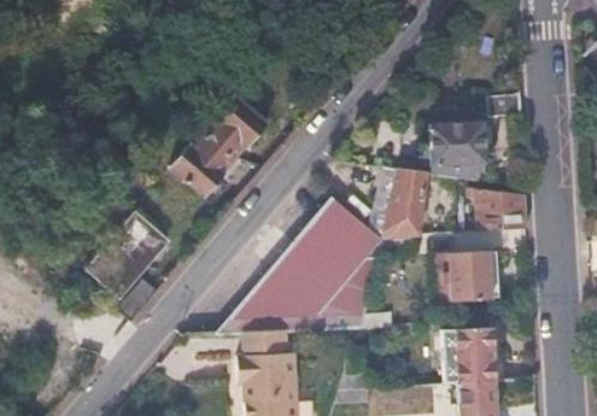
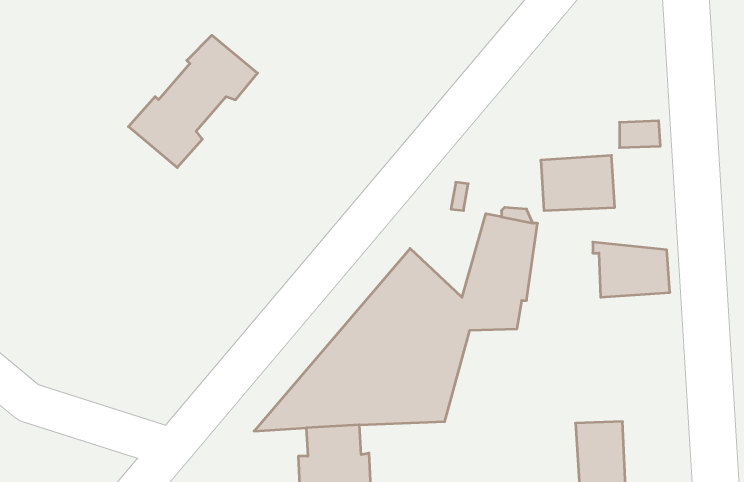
building: [170,96,269,198] -> [128,35,258,168]
building: [89,216,169,298] -> none
building: [434,251,493,301] -> none

